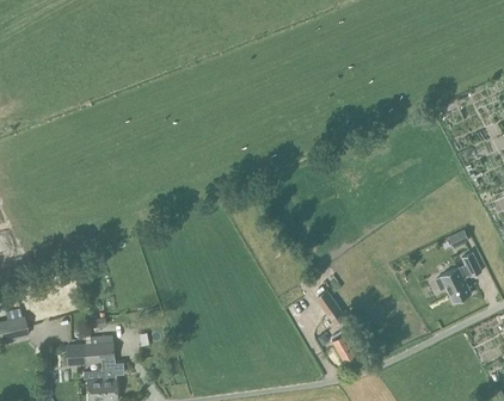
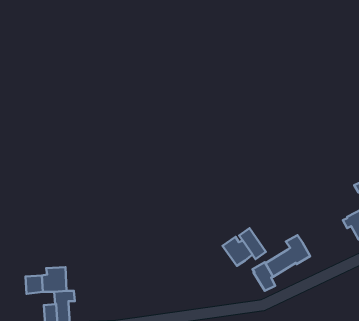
building: none -> [265,235,310,277]
building: none -> [223,237,252,266]

